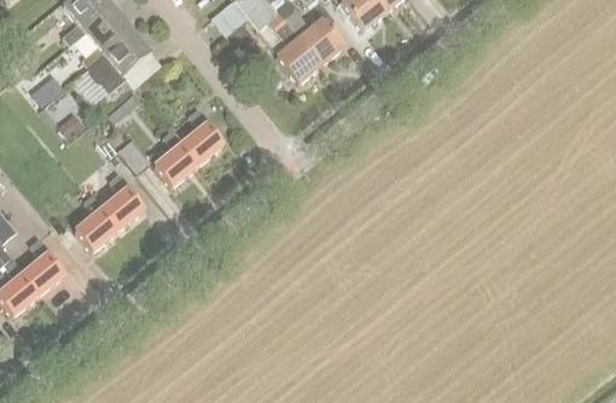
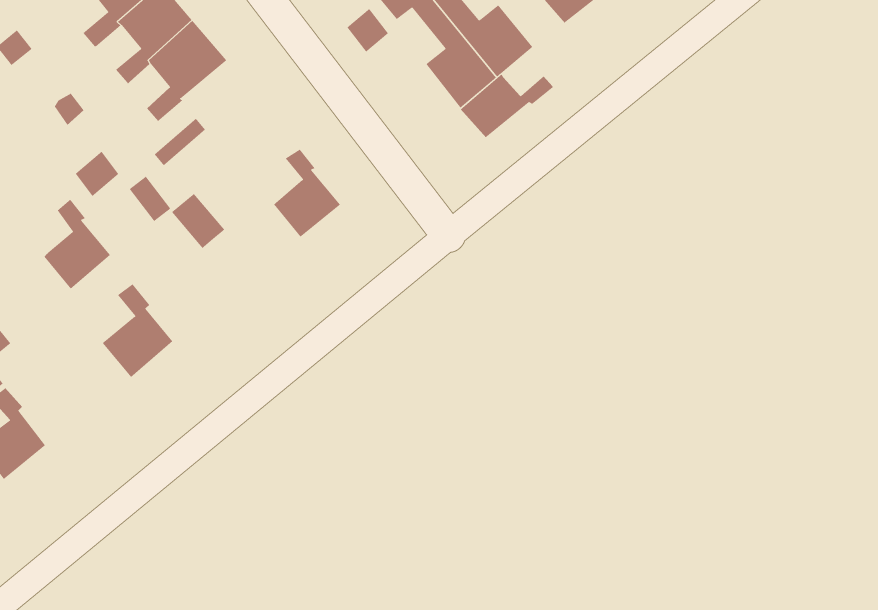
building: none -> [460,74,555,138]
building: [152,129,197,187] -> none
building: [100,173,143,229] -> [43,199,111,289]
building: [21,238,64,294] -> none

